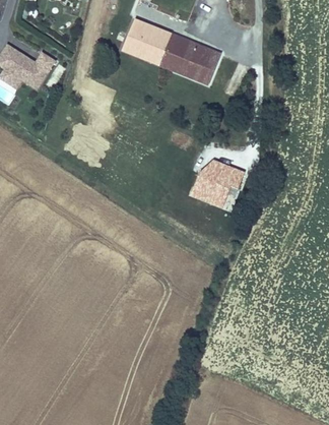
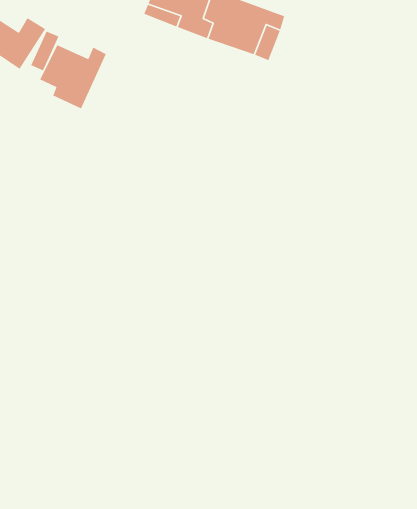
building: none -> [39,44,107,109]
building: [190,159,245,206] -> none

